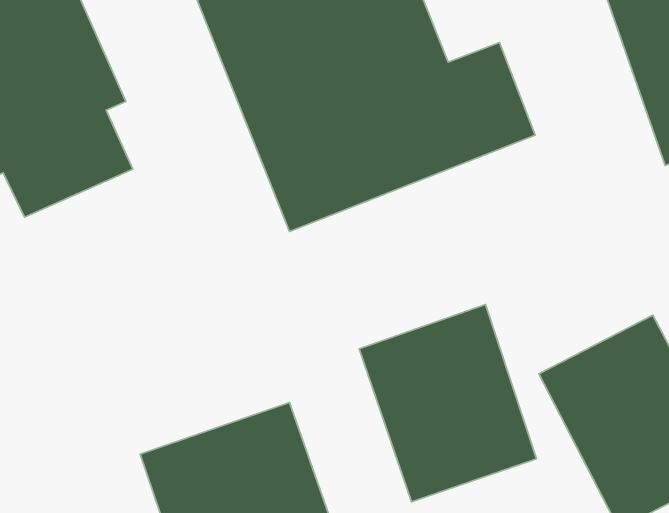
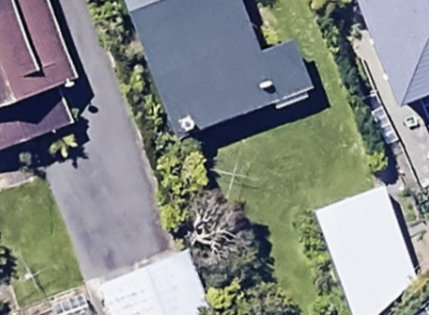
building: [359,305,536,502] -> none

